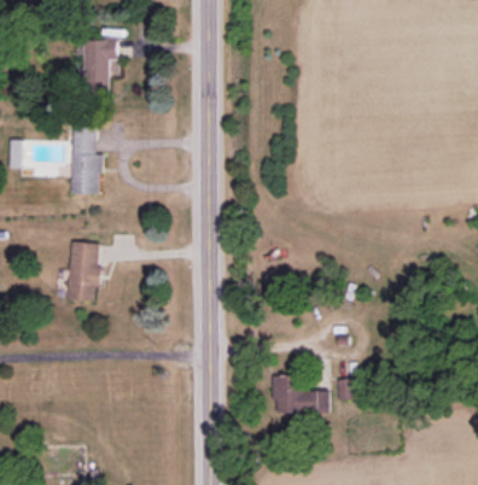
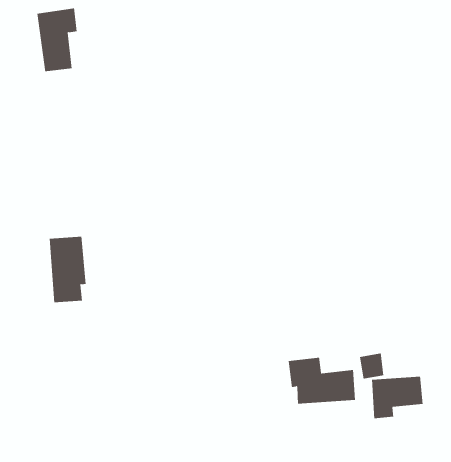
building: [70,125,101,194] -> none
building: none -> [371,376,423,419]

